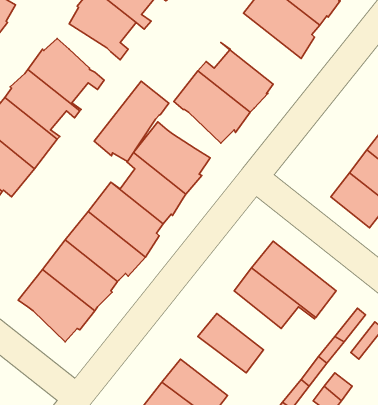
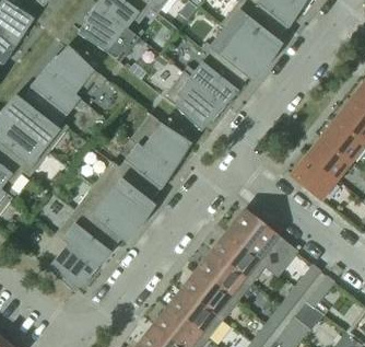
building: none -> [201,24,267,82]
building: [94,81,169,161] -> none
building: none -> [198,251,250,299]
building: none -> [168,288,222,336]

